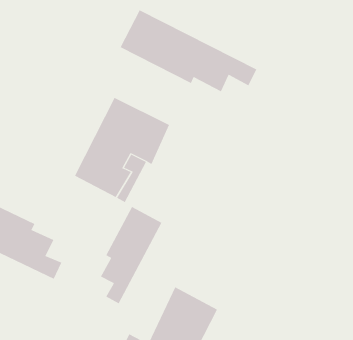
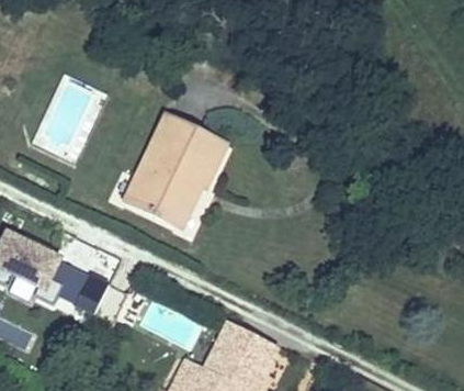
building: [120,10,257,92] -> none
building: [100,206,162,304] -> none

